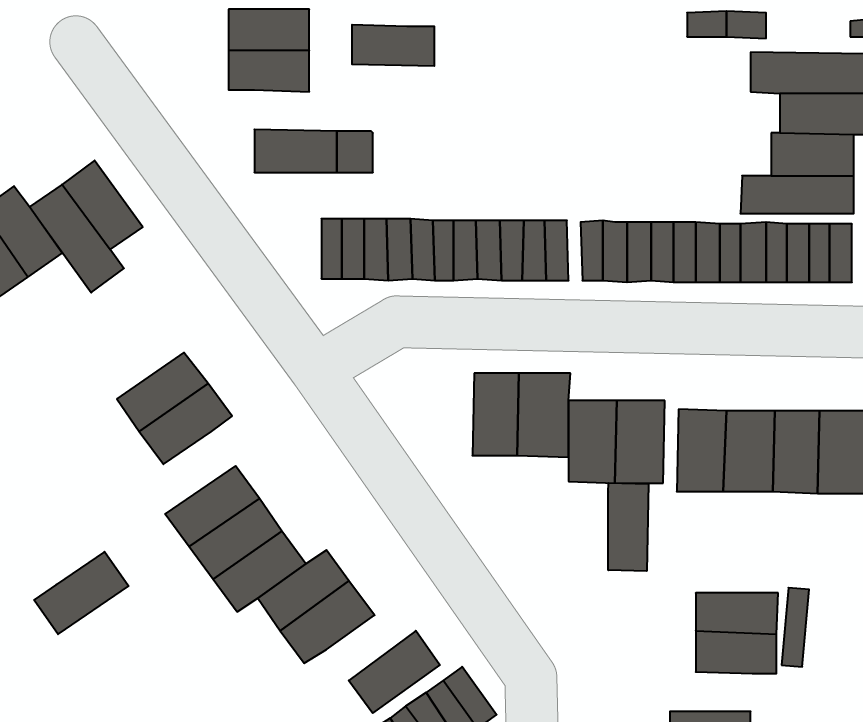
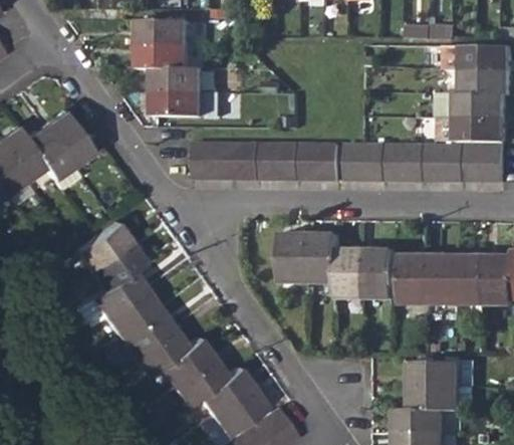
building: [352,25,434,66] -> [153,67,201,91]
building: [608,483,649,571] -> none
building: [34,552,129,634] -> [86,267,142,315]
building: none -> [195,367,247,413]
building: none -> [396,407,444,431]

